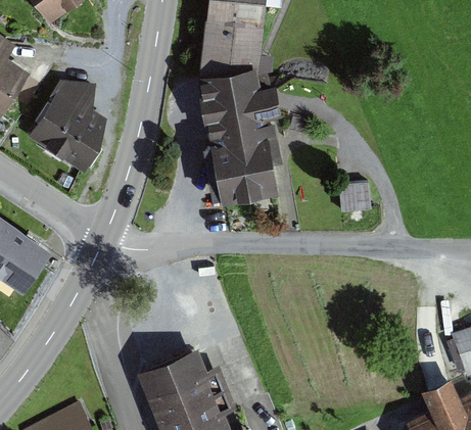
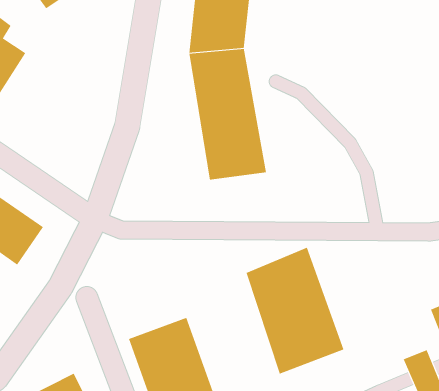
building: [25,81,115,171] -> none
building: [338,185,370,214] -> none
building: none -> [246,247,344,374]

